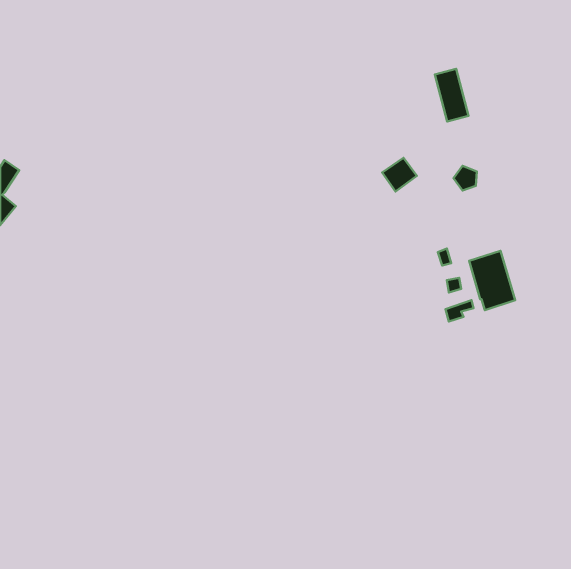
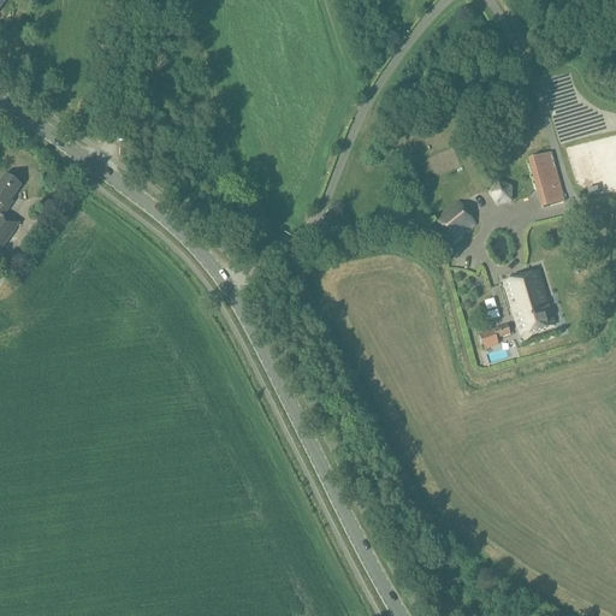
building: [435,69,469,122] -> [529,148,565,205]
building: [382,158,417,192] -> [438,201,475,237]

